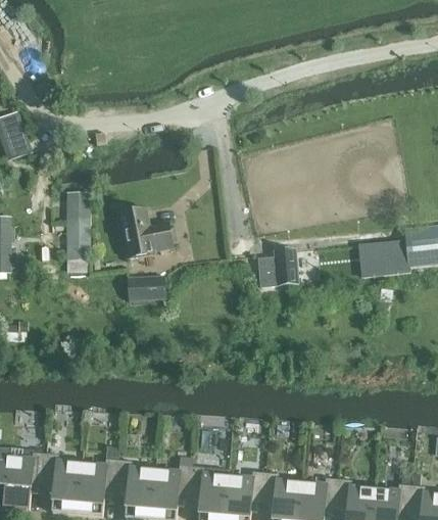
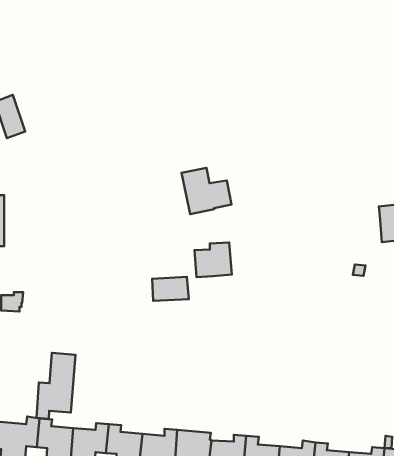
building: [67,193,88,257] -> none
building: [118,208,172,257] -> [182,168,232,214]
building: [358,239,408,276] -> none
building: [257,249,297,286] -> [194,243,232,277]
building: [126,275,164,300] -> [152,277,189,301]
building: none -> [37,353,76,419]

